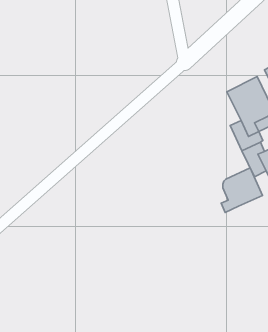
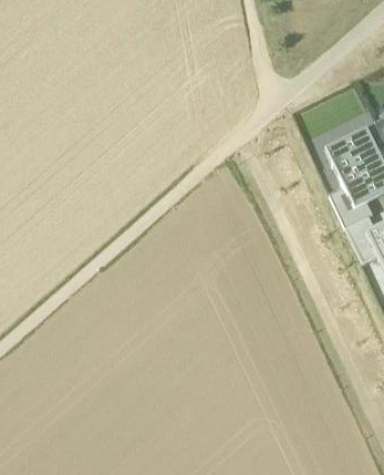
building: [221,168,263,212] -> none

